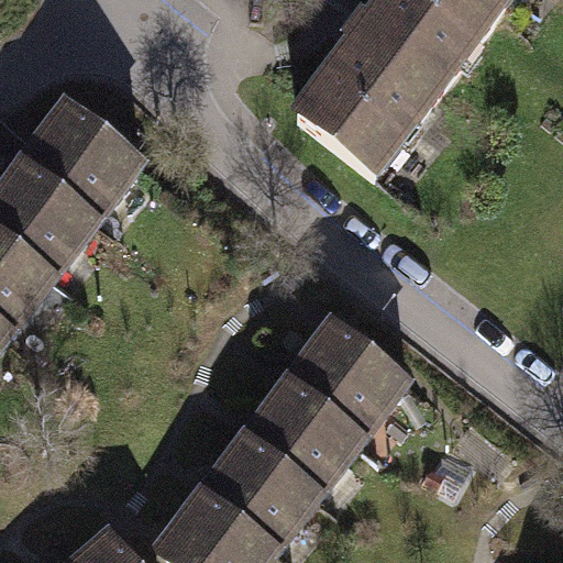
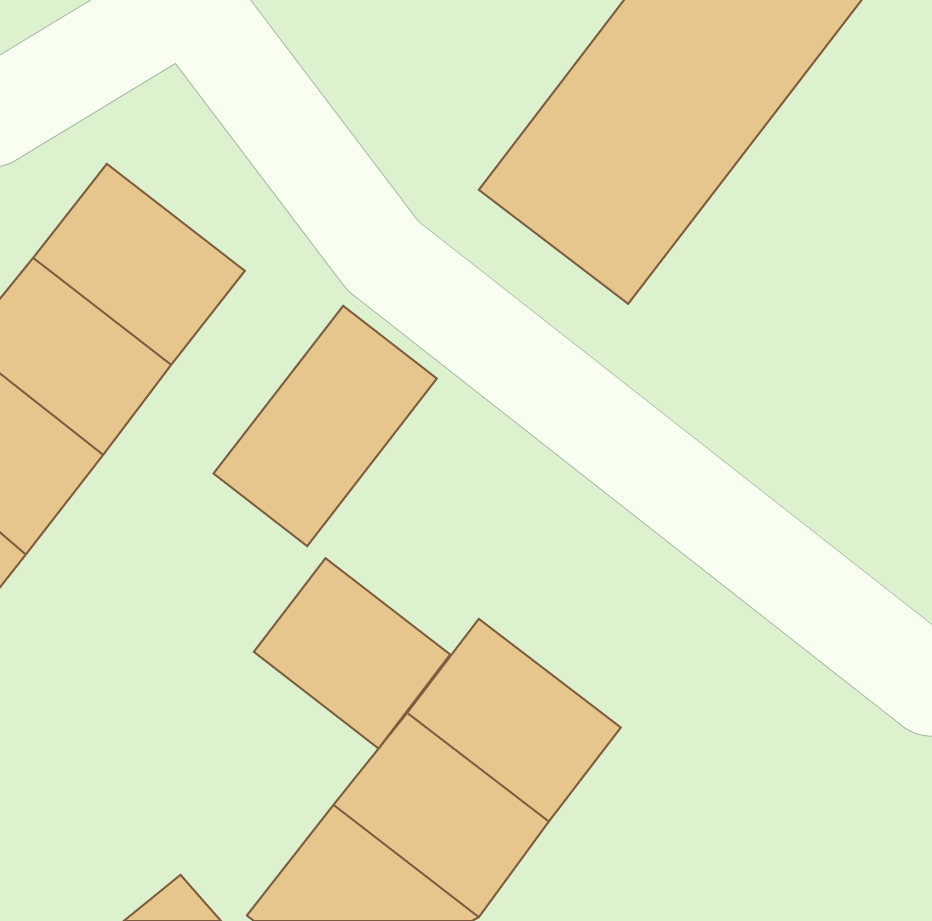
building: none -> [214,306,437,546]
building: [286,312,415,434] -> none
building: none -> [254,558,450,748]

